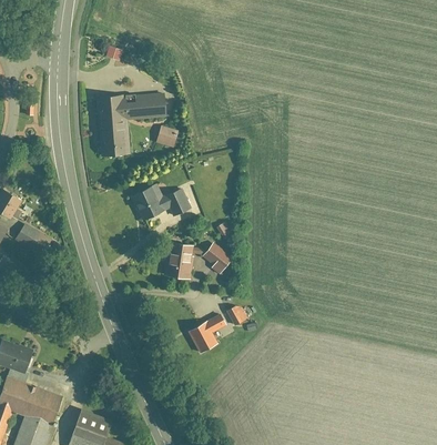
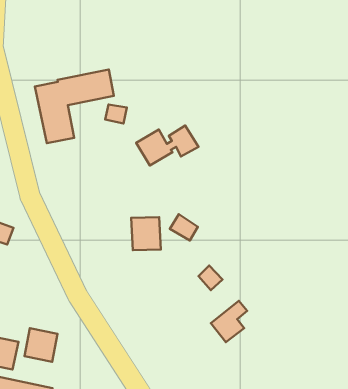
building: [133,185,194,220] -> [136,125,199,166]
building: [187,314,225,353] -> [211,301,247,342]
building: none -> [24,328,58,362]

